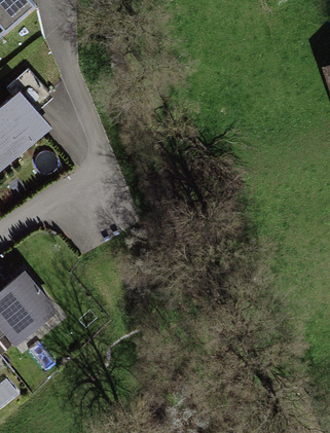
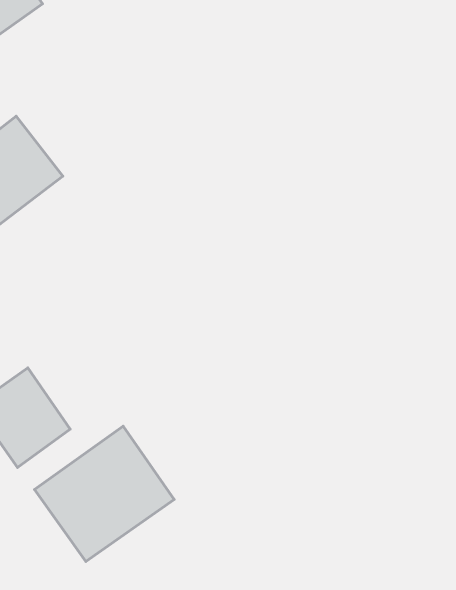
building: none -> [34,426,174,561]

